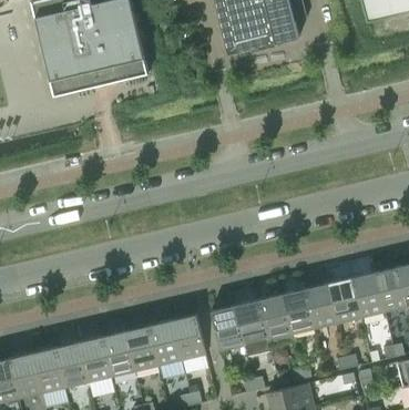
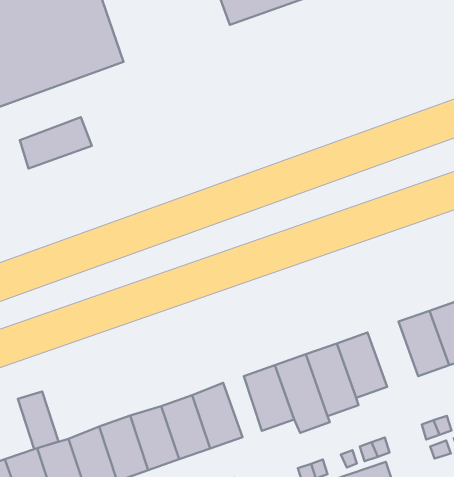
building: none -> [20,117,92,169]
building: [305,283,338,329] -> none
building: none -> [18,391,59,449]

